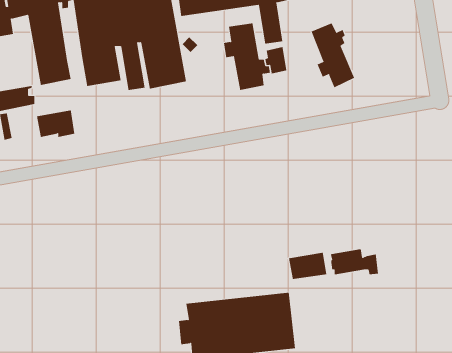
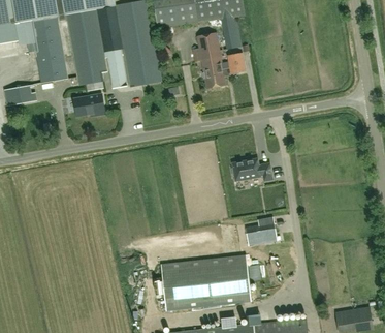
building: [311,22,355,88] -> none
building: [36,110,75,138] -> [73,93,105,116]
building: [330,247,379,276] -> [232,157,272,181]

